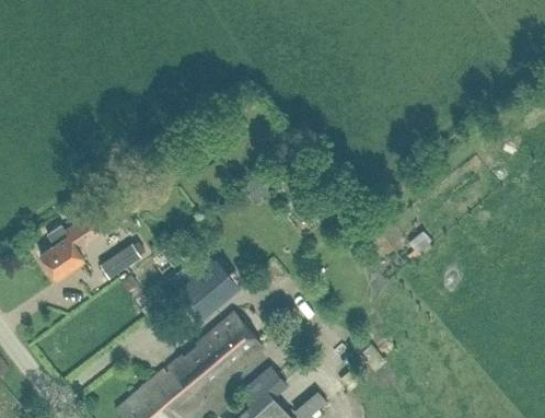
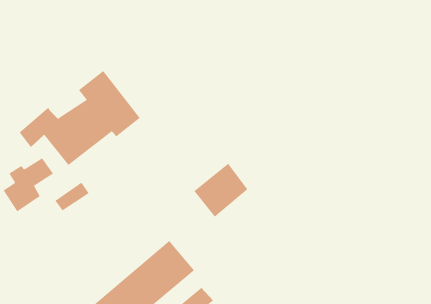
building: none -> [19,70,140,166]
building: [174,257,237,321] -> [194,163,248,217]

